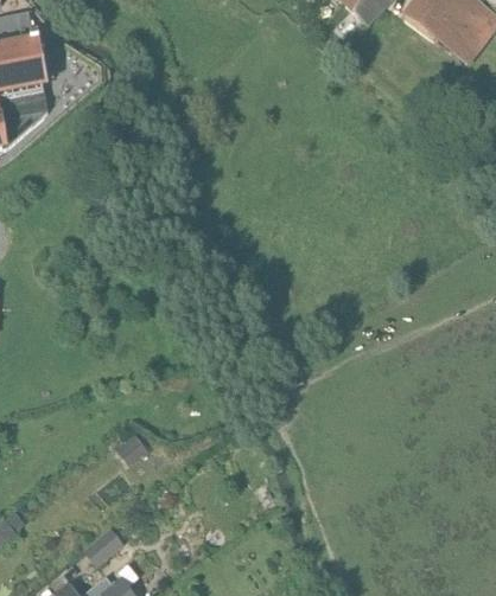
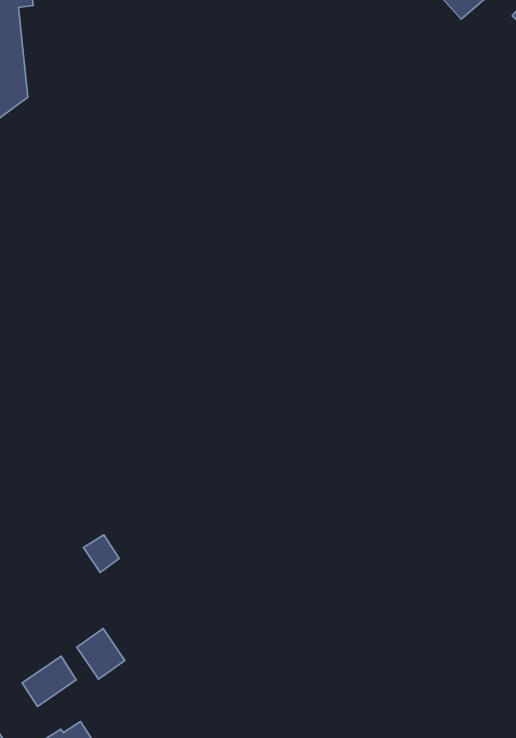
building: none -> [77,629,125,679]

